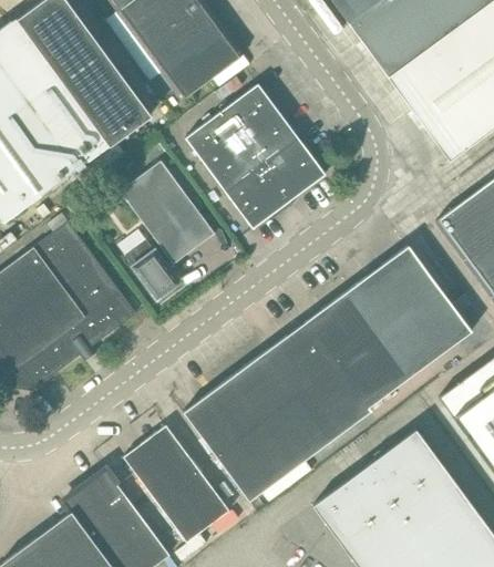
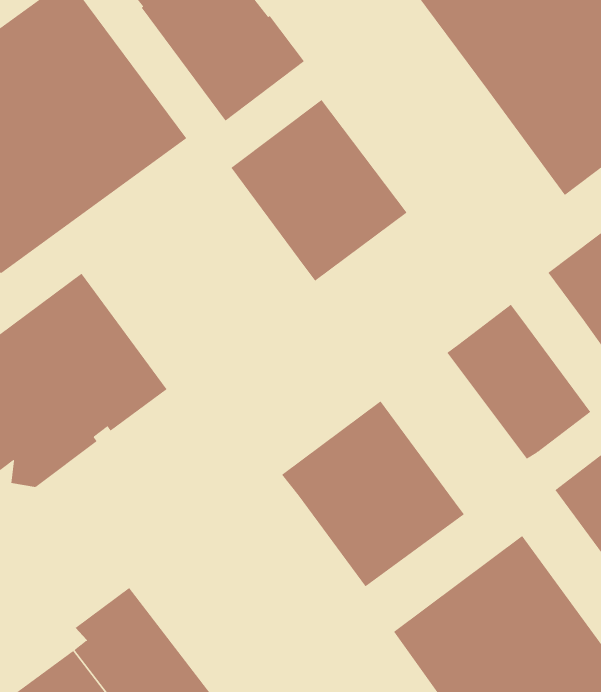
building: [121,161,215,264] -> none
building: [125,239,178,299] -> none
building: [305,285,420,408] -> none
building: [184,381,292,502] -> none
building: [124,425,229,543] -> none

